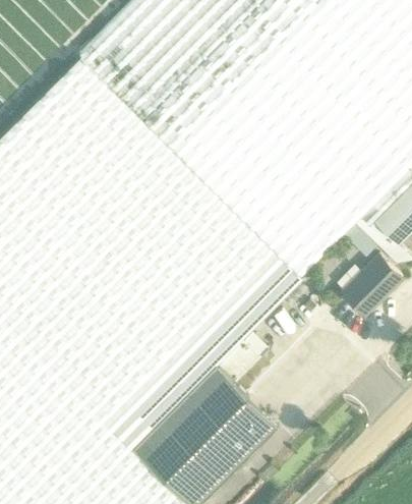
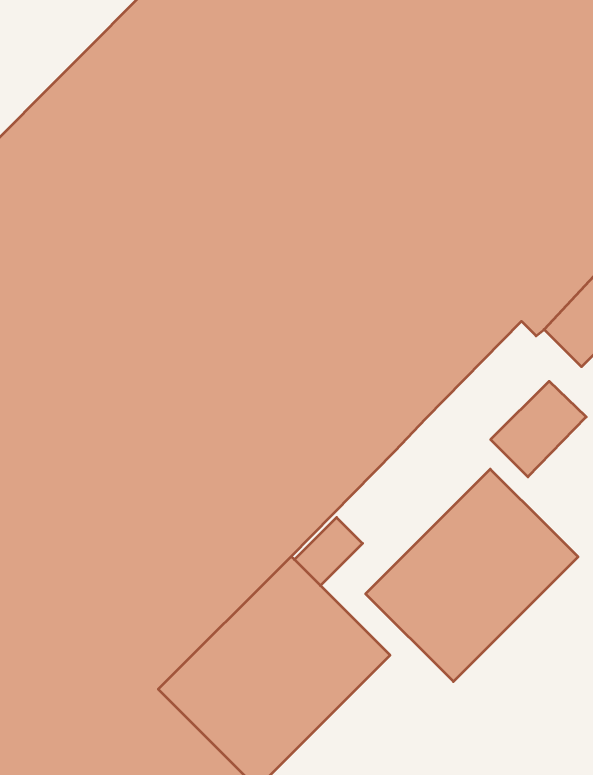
building: none -> [366,469,578,682]

